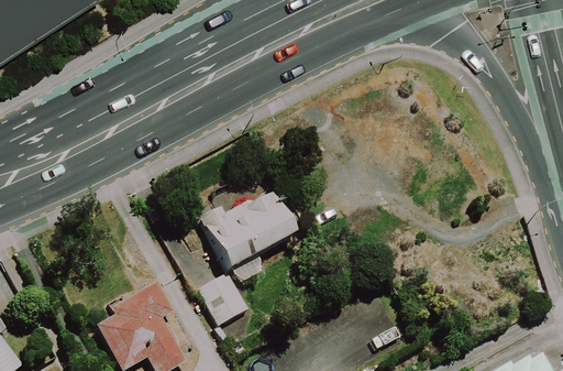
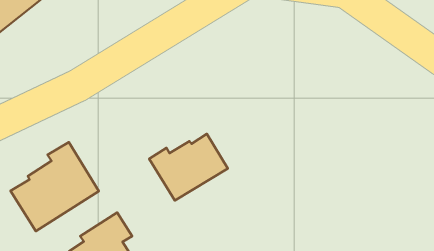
building: none -> [10,142,99,231]
building: [198,270,249,323] -> none

